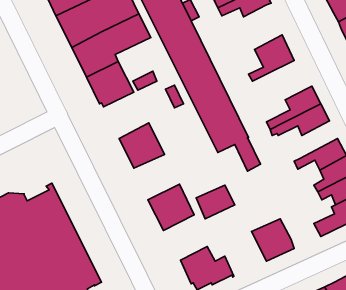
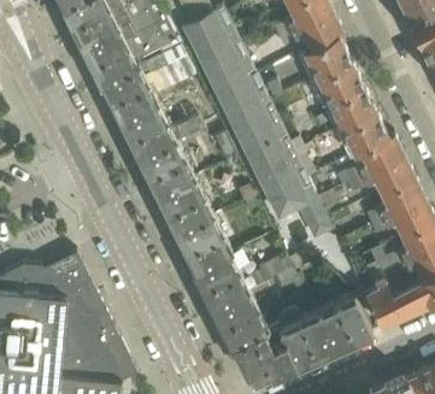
building: none -> [300,37,357,100]
building: none -> [337,105,388,157]
building: none -> [139,143,194,200]
building: none -> [366,178,424,228]
building: none -> [176,219,231,275]
building: none -> [364,265,404,329]
building: none -> [212,293,268,349]
building: none -> [282,313,337,367]

